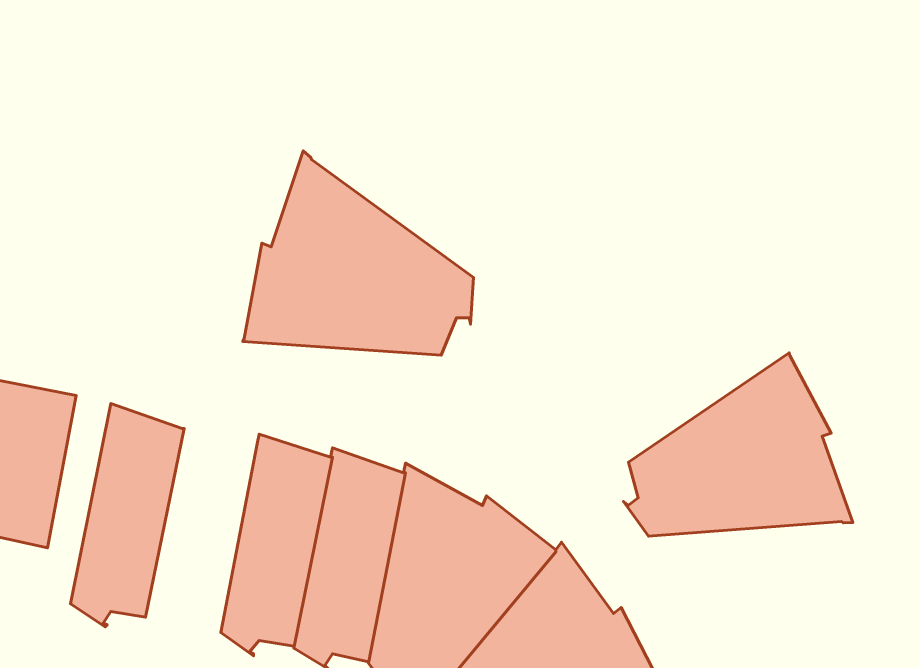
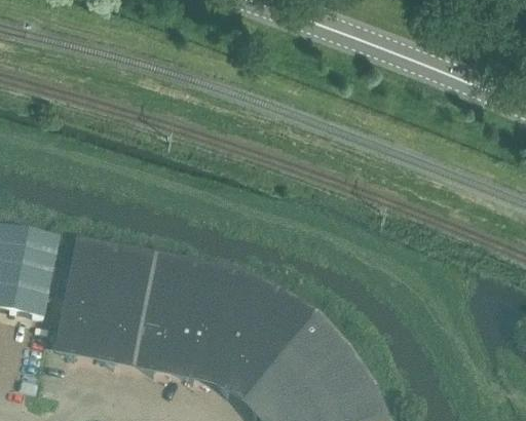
building: [243,151,473,355] -> none
building: [624,353,853,536] -> none
building: none -> [96,245,155,363]

